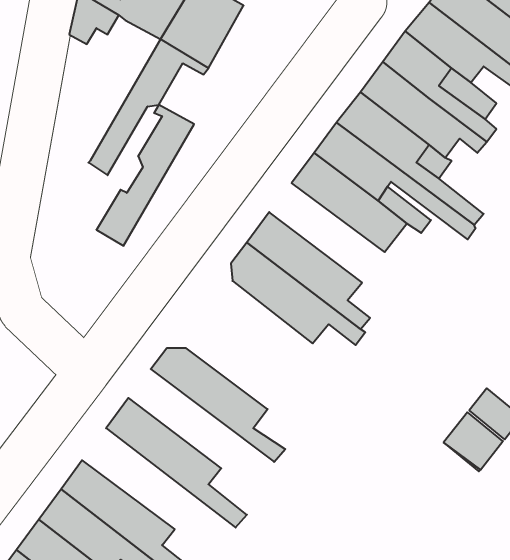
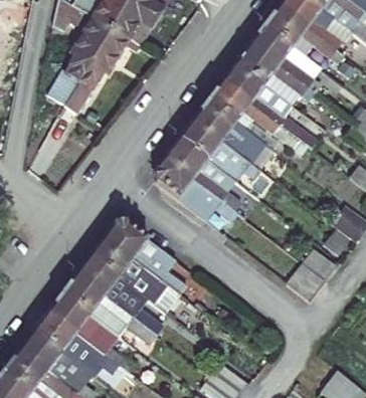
building: [96,105,194,246] -> [49,18,111,107]
building: none -> [179,121,262,183]
building: none -> [90,237,182,315]
building: none -> [61,274,158,346]

